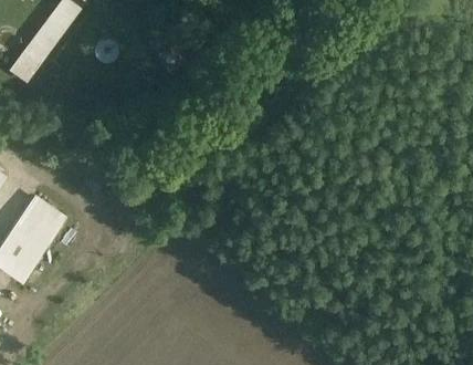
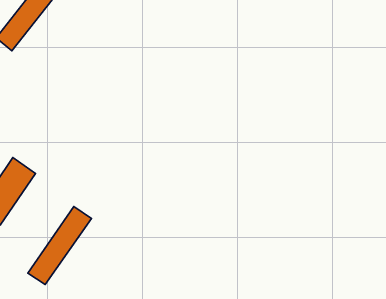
building: none -> [28,206,92,284]

